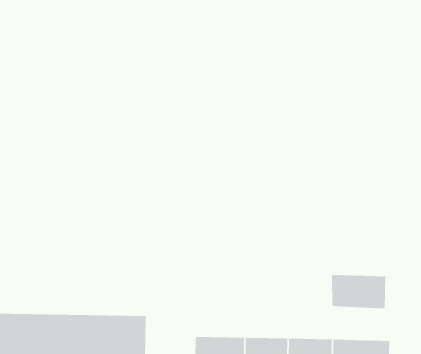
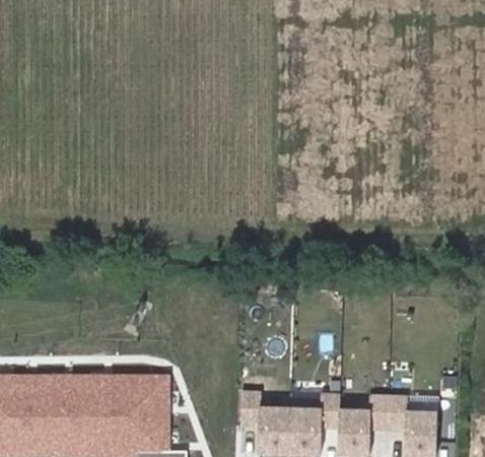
building: [332,274,386,309] -> none

